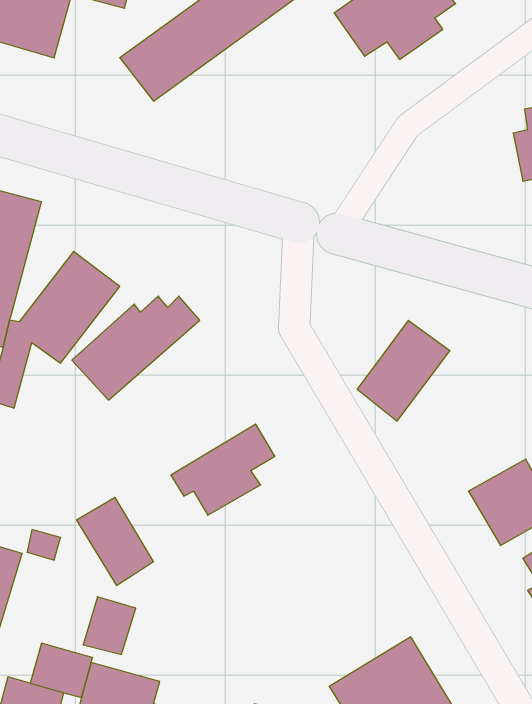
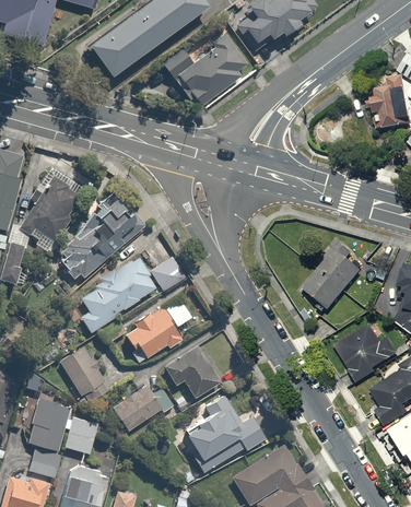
building: none -> [163,34,254,109]
building: [357,320,450,421] -> [297,241,361,310]
building: none -> [80,257,186,334]
building: none -> [164,346,224,401]
building: none -> [116,386,179,435]
building: none -> [178,397,268,474]
building: none -> [23,398,75,455]

